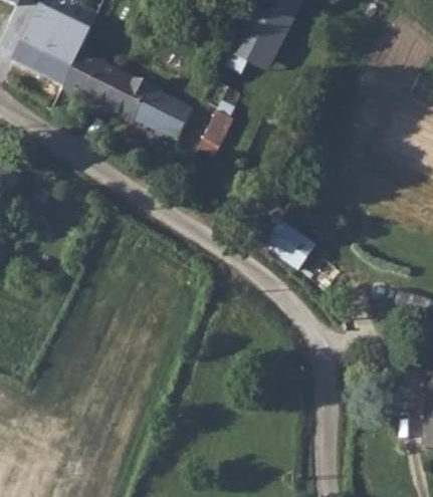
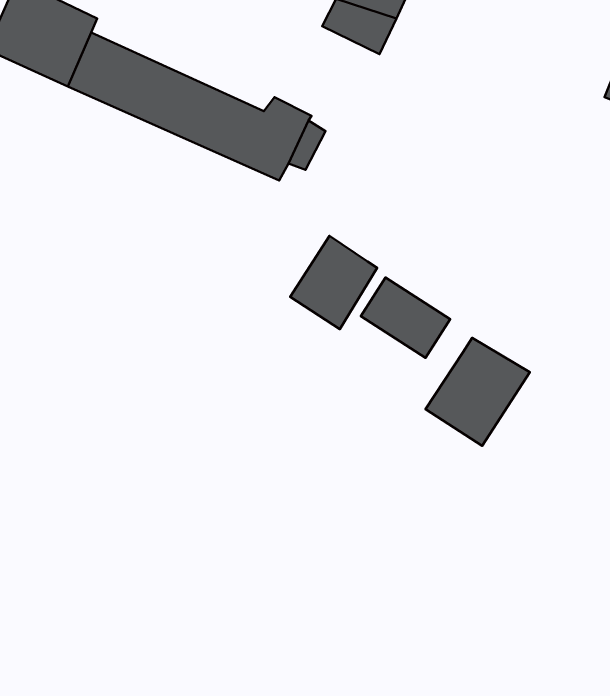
building: none -> [290,236,377,329]
building: none -> [425,338,530,446]

